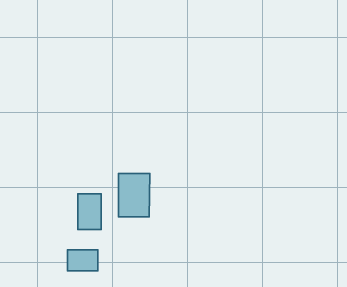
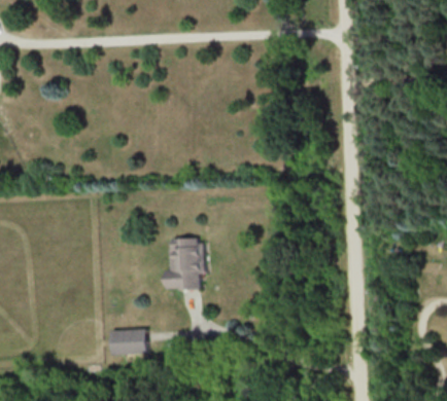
building: [78,194,101,229] -> none

